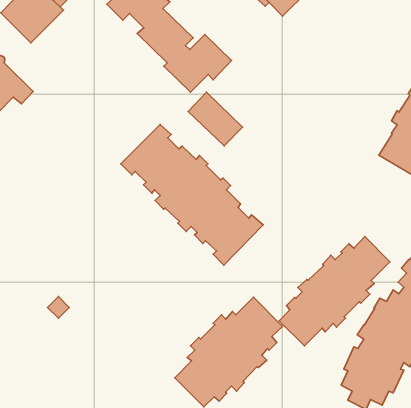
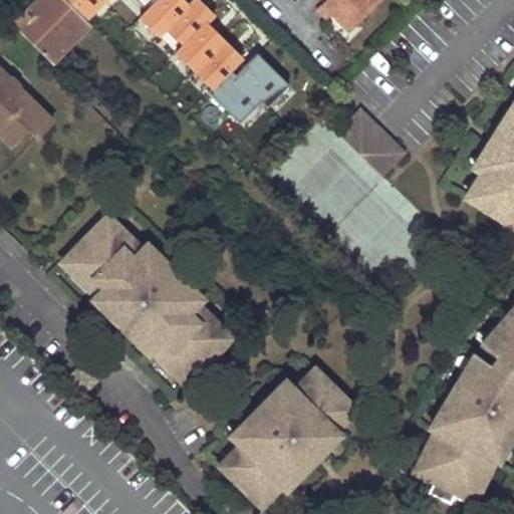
building: [188,92,242,146] -> [337,109,403,174]
building: [121,124,263,265] -> [60,215,231,383]
building: [279,237,390,346] -> none

